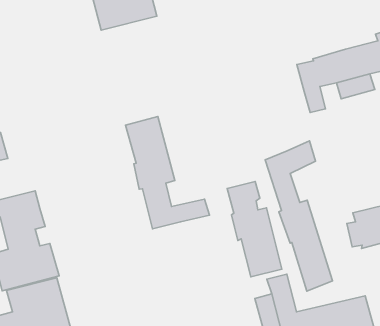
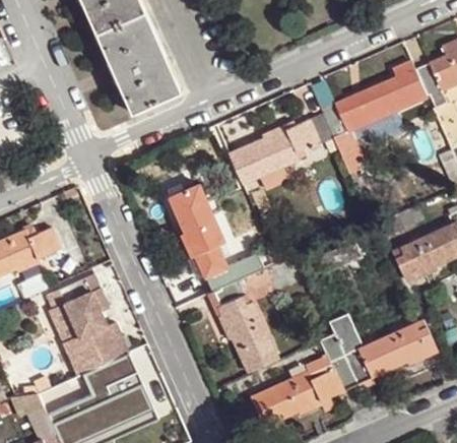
building: none -> [226,113,332,183]
building: [265,141,332,291] -> none
building: [227,181,282,277] -> [210,281,275,373]

